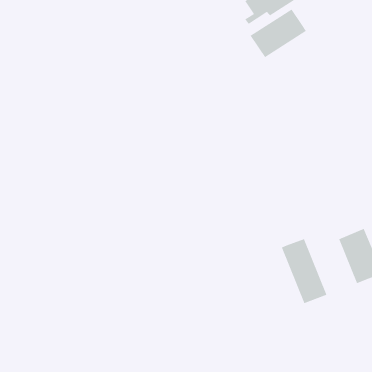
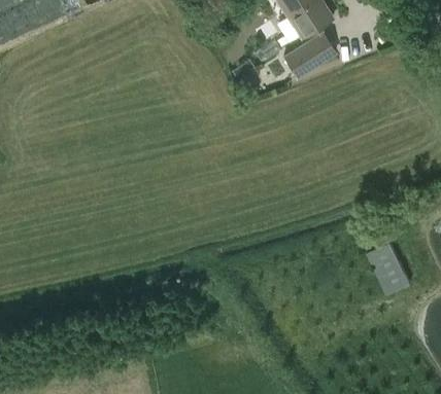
building: [281,238,328,304] -> none

